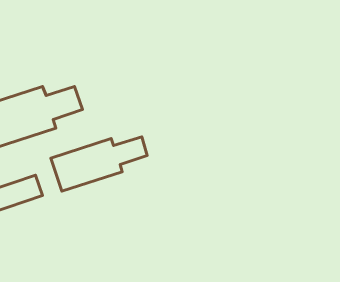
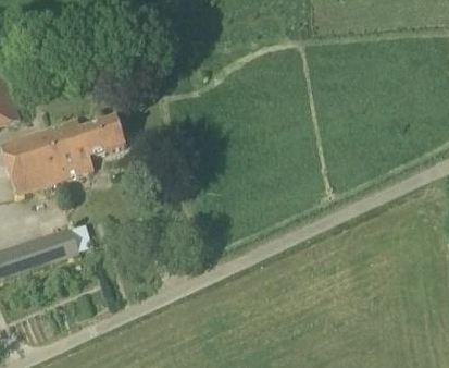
building: [51,137,147,191] -> none

